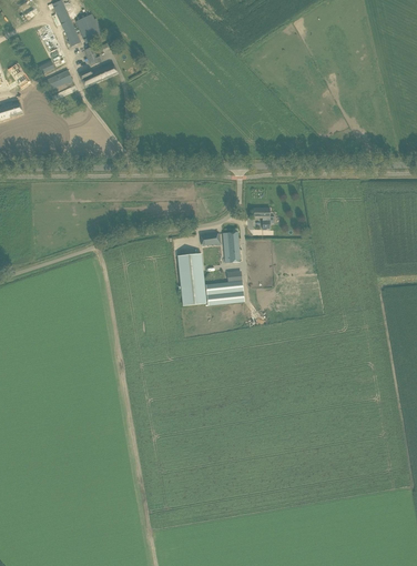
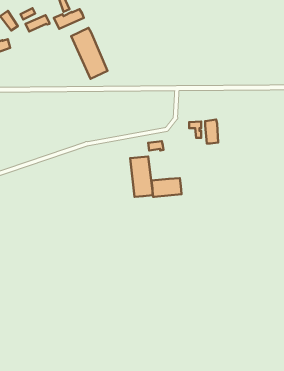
building: none -> [71,28,108,79]
building: [222,231,238,262] -> [205,119,218,143]

